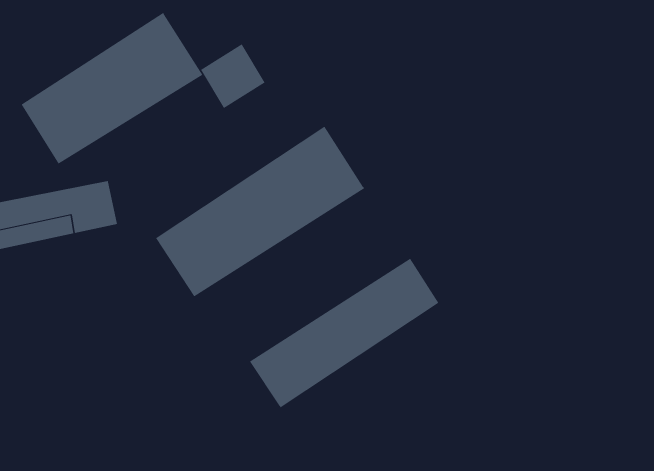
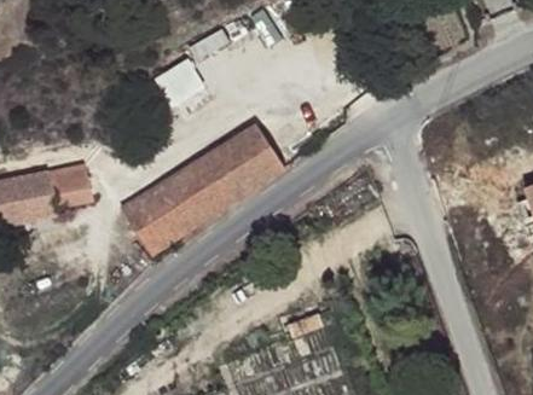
building: [21,12,203,165] -> none
building: [249,258,439,408] -> none

